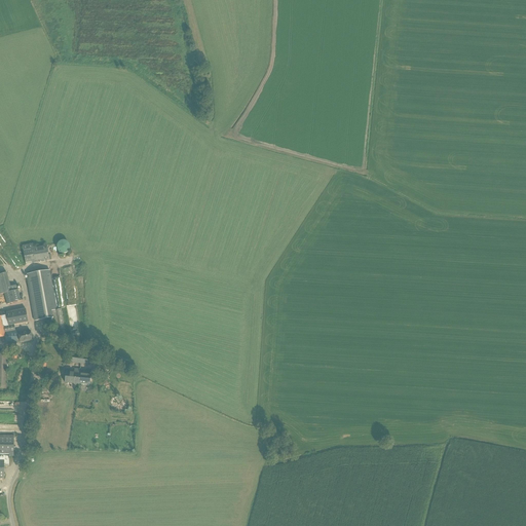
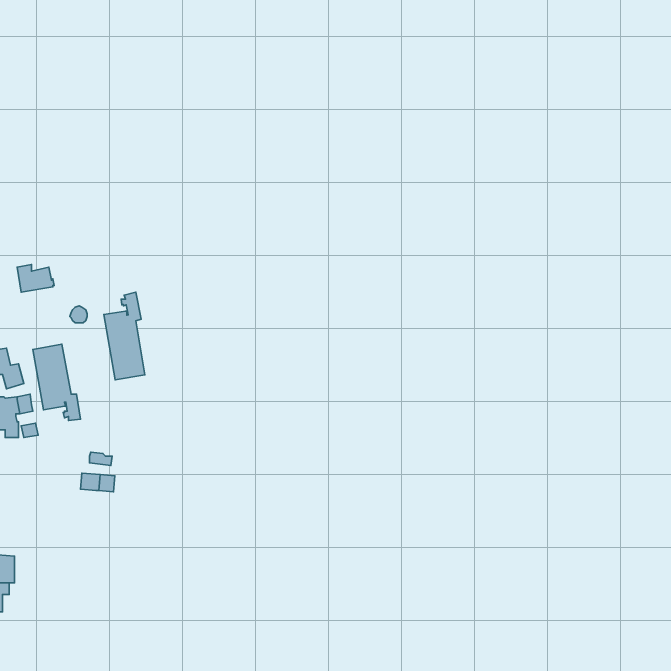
building: none -> [104,292,145,380]
building: [21,241,49,263] -> [17,264,54,292]

